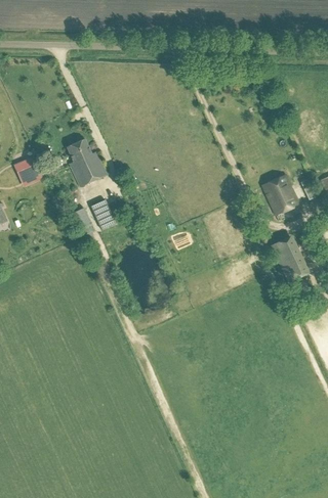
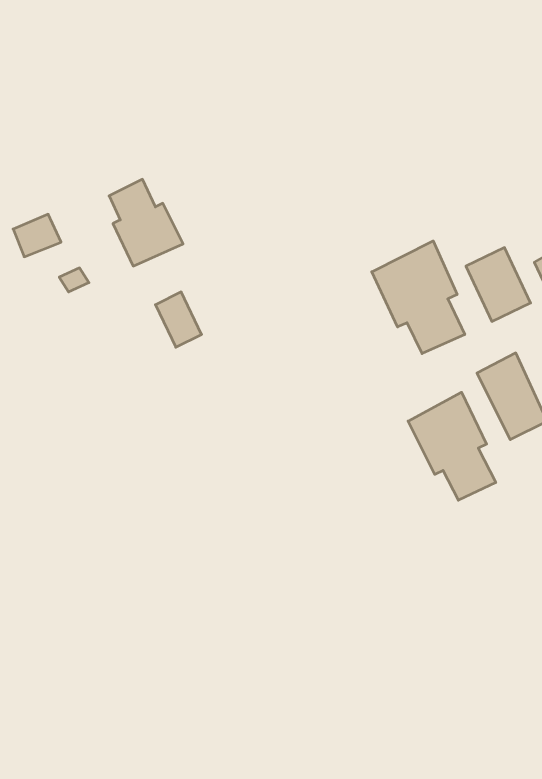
building: none -> [372,241,465,354]
building: none -> [408,392,496,500]

